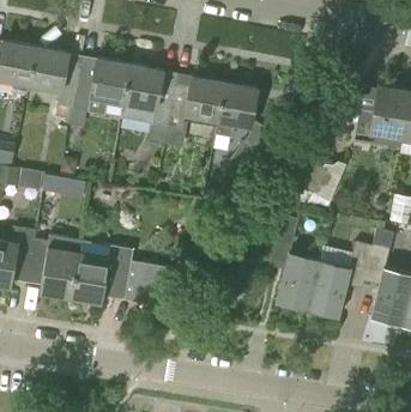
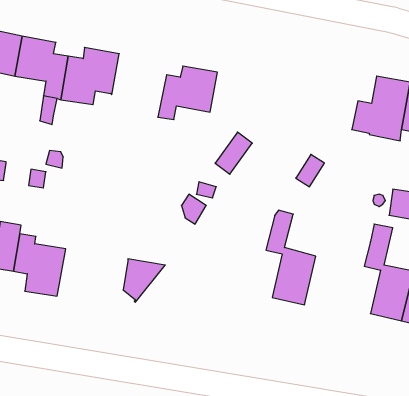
building: [120,65,176,126] -> none
building: [216,83,259,137] -> none
building: [71,241,134,303] -> none
building: [309,242,373,315] -> none

